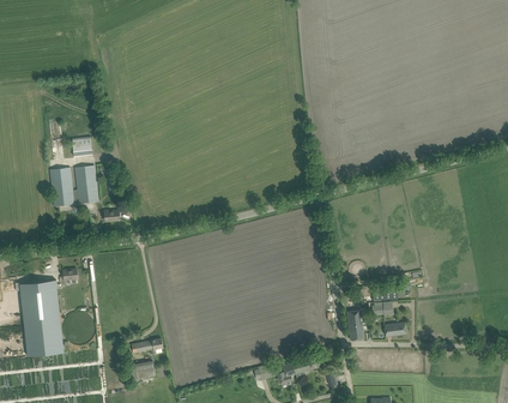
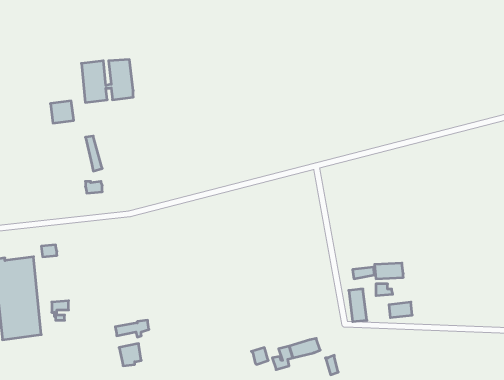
building: [50,166,98,205] -> [81,60,133,102]

